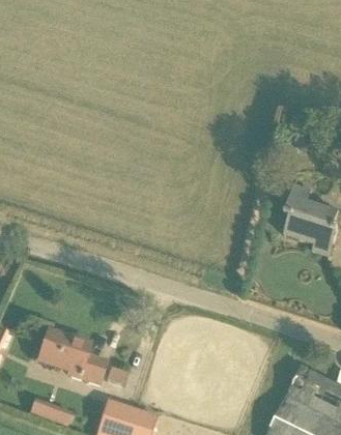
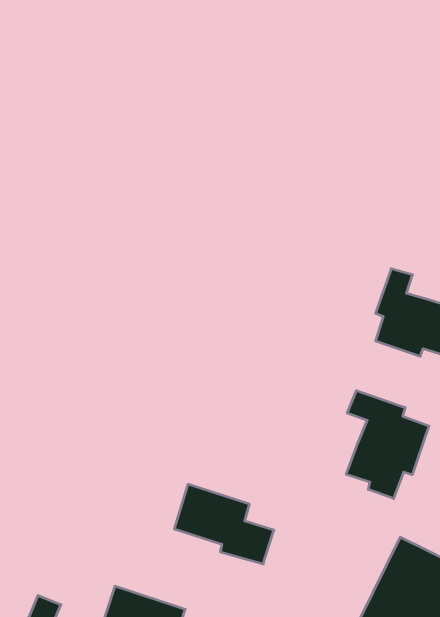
building: none -> [346,391,429,499]
building: [39,329,107,383] -> [174,484,274,564]

